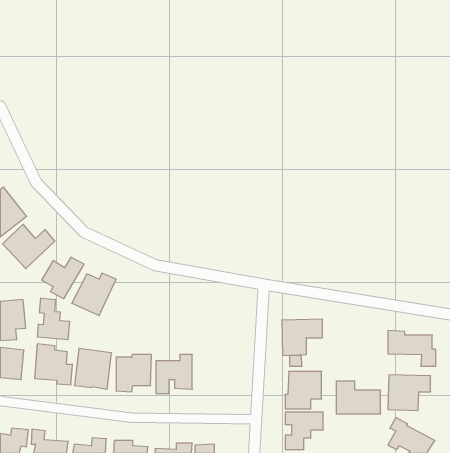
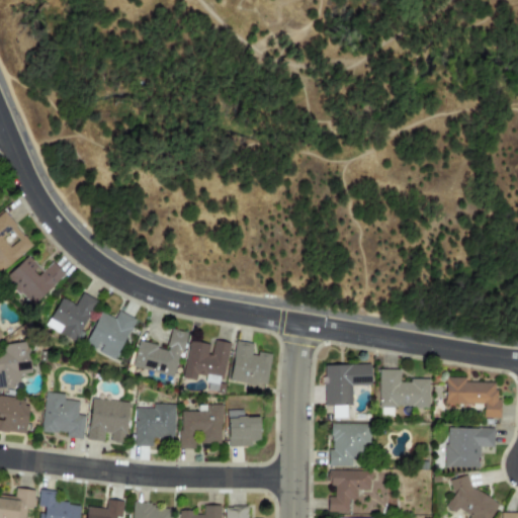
building: none -> [134,329,187,377]
building: none -> [184,340,230,383]
building: [37,298,69,340] -> none
building: none -> [231,341,271,387]
building: none -> [228,410,261,447]
building: [336,381,381,414] -> [379,370,430,408]

